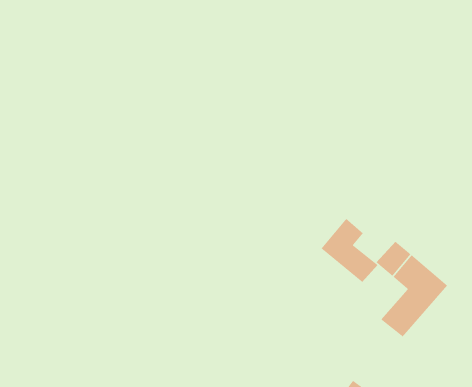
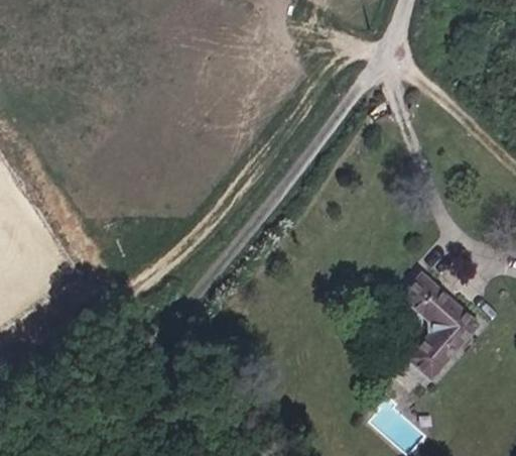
building: [320,218,378,283] -> none

